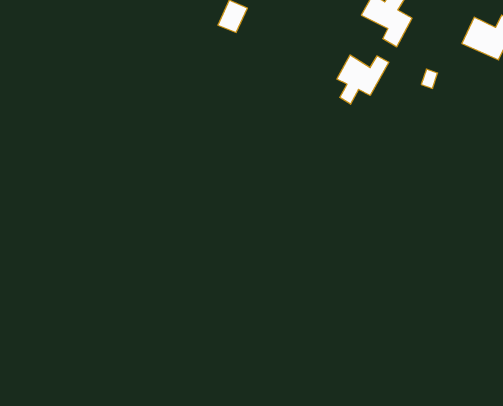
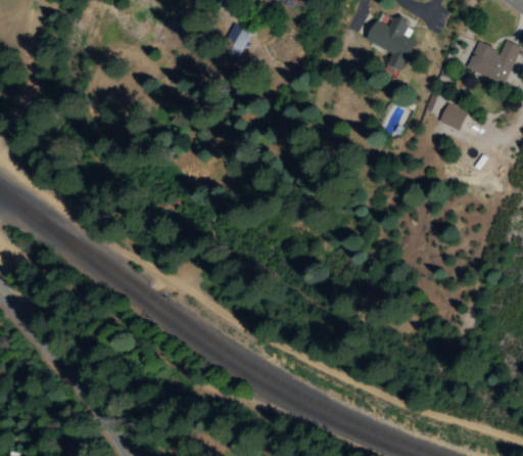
building: [337,55,389,104] -> none
building: none -> [440,104,468,129]

